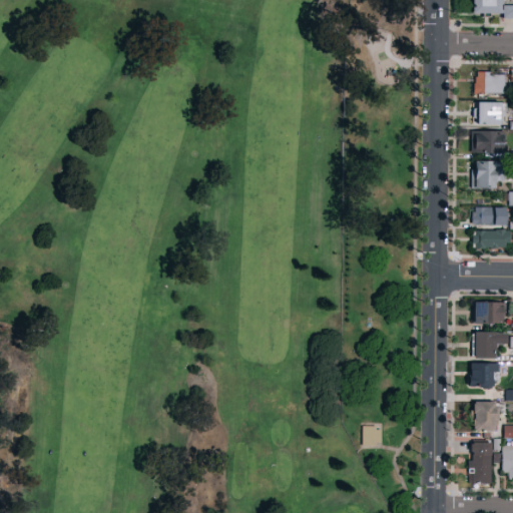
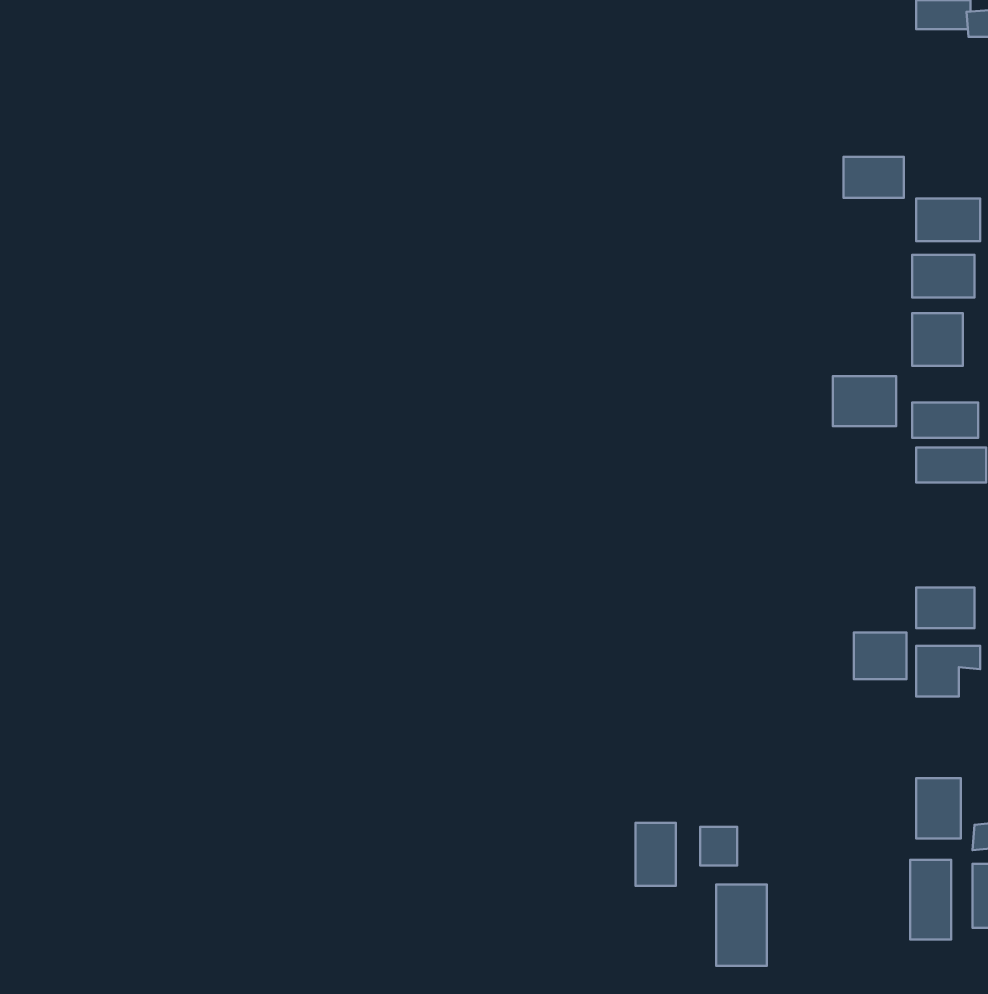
building: [476,73,507,94] -> [843,157,904,198]
building: none -> [833,376,896,426]
building: [471,364,498,388] -> [854,633,906,679]
building: none -> [635,823,676,886]
building: none -> [716,884,767,966]

